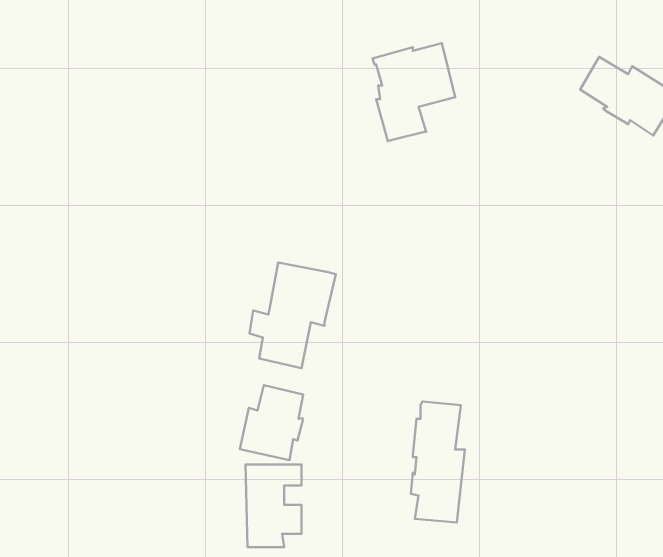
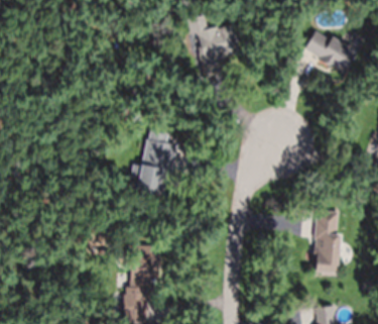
building: [240,385,303,460] -> none
building: [411,401,465,523] -> [313,210,342,274]

